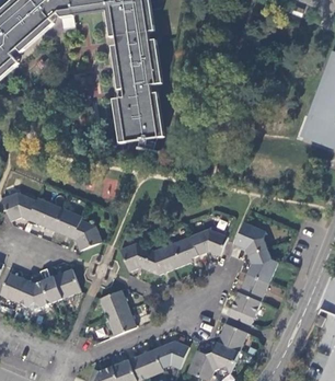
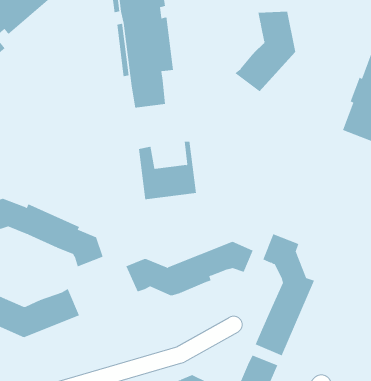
building: none -> [234,11,296,92]
building: [113,94,162,143] -> [138,141,197,200]
building: [99,290,136,336] -> none

